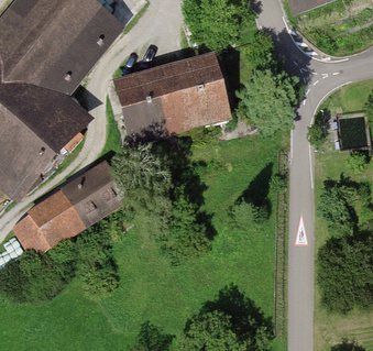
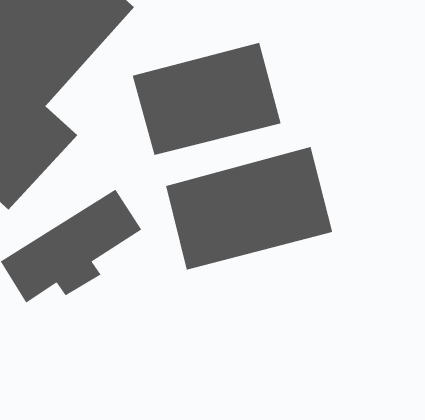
building: none -> [165,146,333,271]

